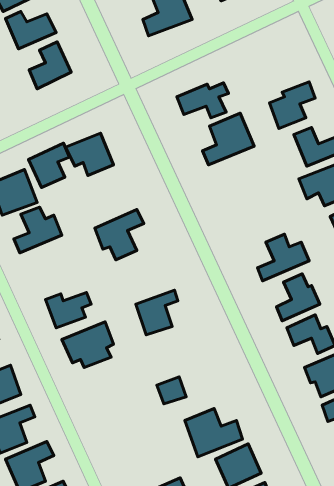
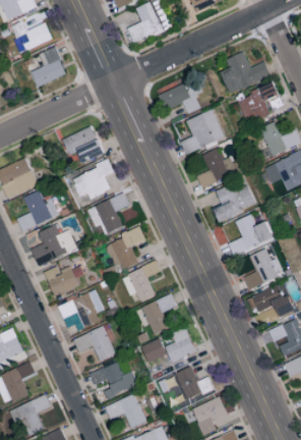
building: none -> [221,51,272,94]
building: [28,143,70,188] -> [79,160,115,199]
building: none -> [197,146,244,187]
building: none -> [214,179,257,221]
building: none -> [32,225,77,266]
building: none -> [107,228,146,272]
building: none -> [142,293,177,335]
building: none -> [74,326,116,361]
building: none -> [165,328,196,363]
building: none -> [91,363,129,394]
building: none -> [105,394,146,428]

